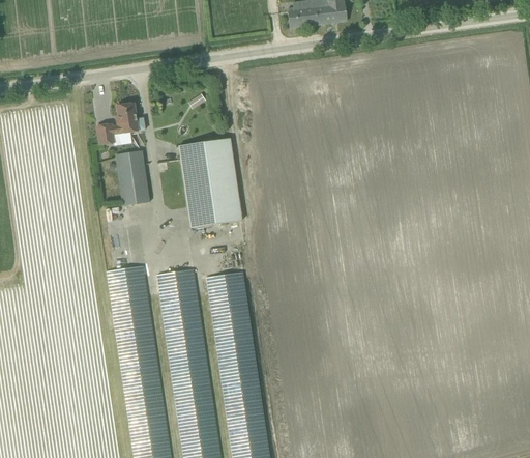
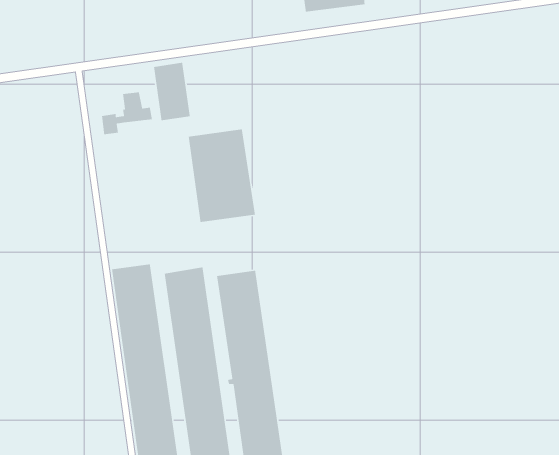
building: [114,150,149,206] -> [153,62,190,121]

